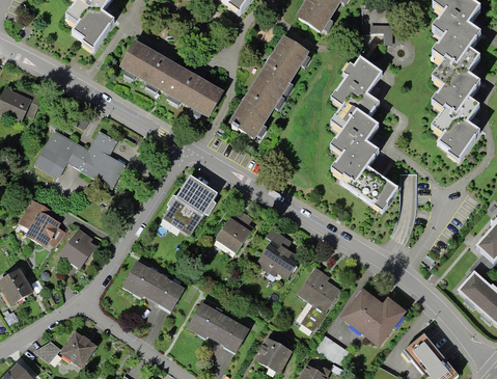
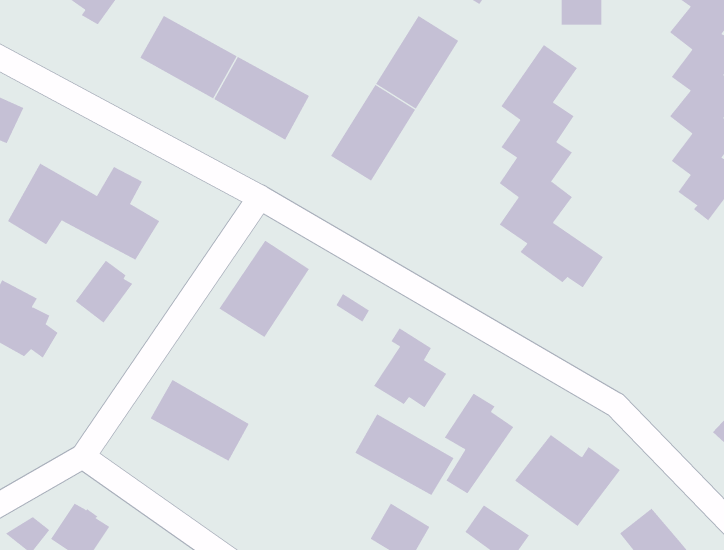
building: [216,216,249,249] -> none
building: [61,227,96,266] -> [75,260,133,323]
building: [187,300,247,350] -> [355,413,454,496]

